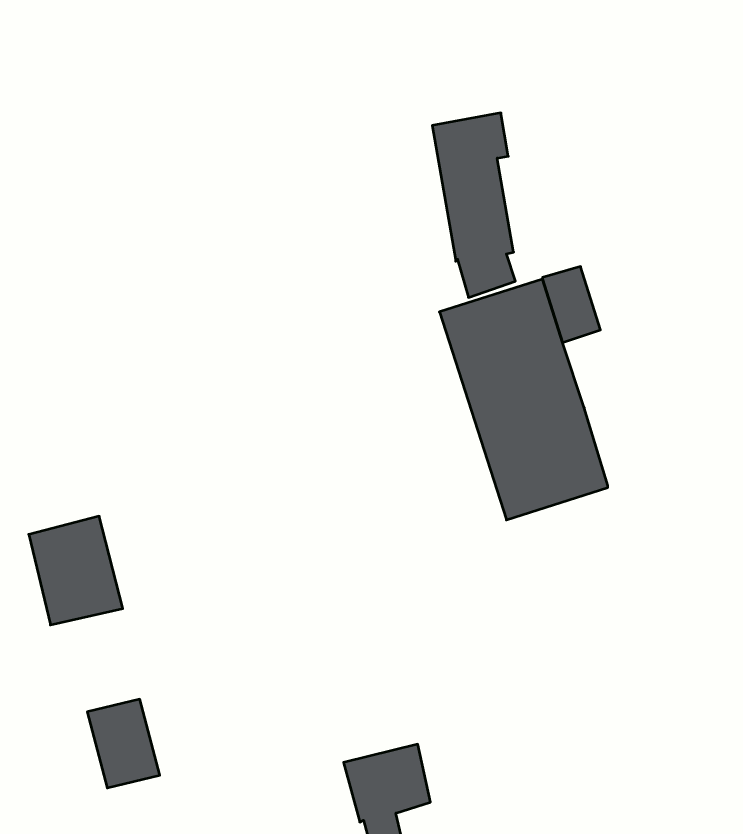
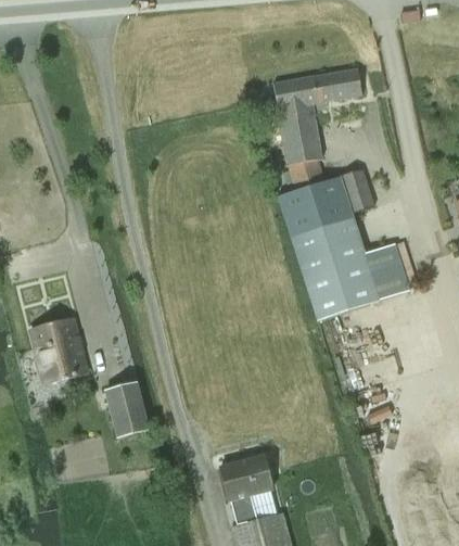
building: none -> [314,67,362,101]
building: none -> [364,242,408,299]
building: [87,699,160,788] -> [104,382,148,435]

